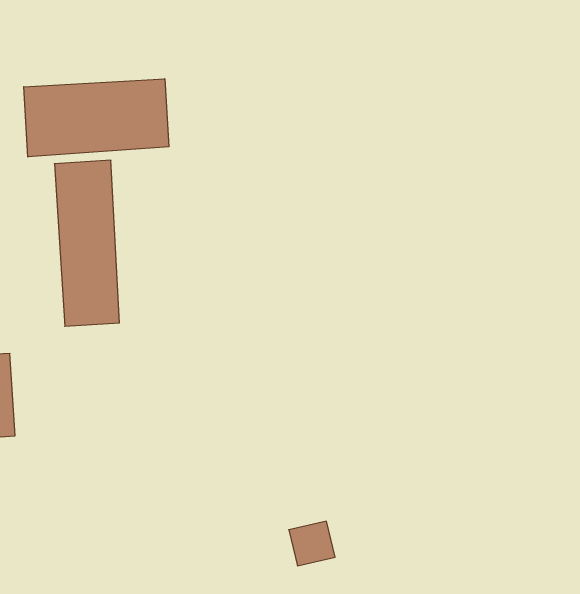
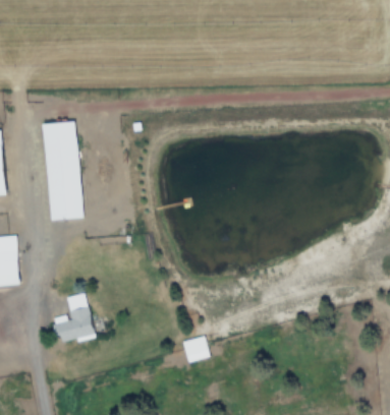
building: [24,79,169,157] -> none
building: none -> [55,293,95,342]

